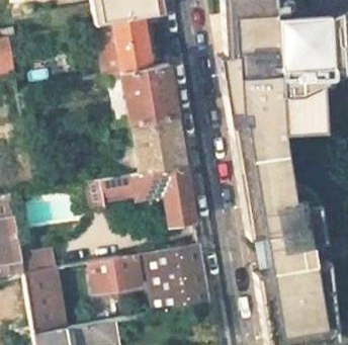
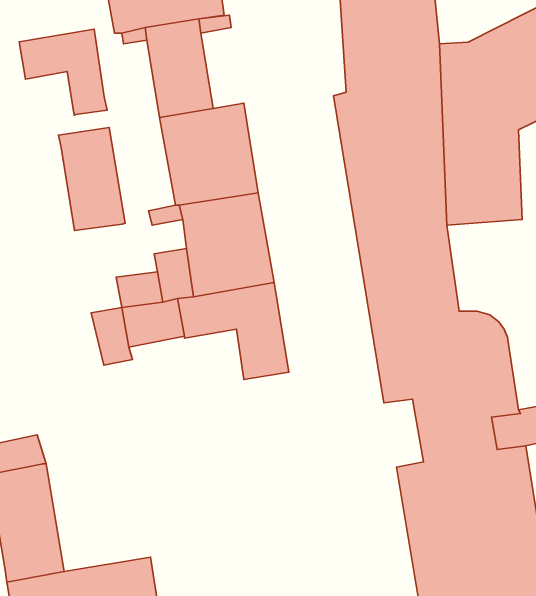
building: none -> [19,29,107,115]
building: none -> [58,128,125,231]
building: [94,244,210,314] -> none

